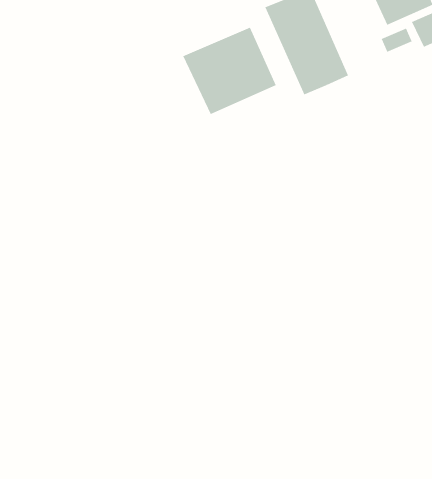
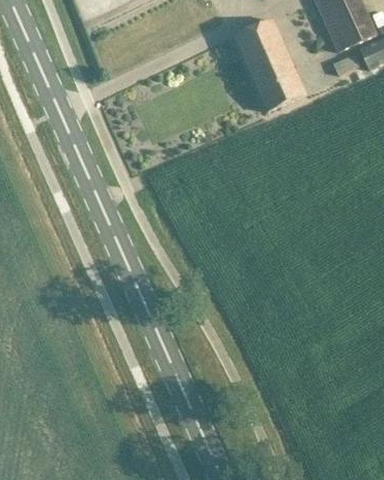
building: [182,27,276,115] -> none

